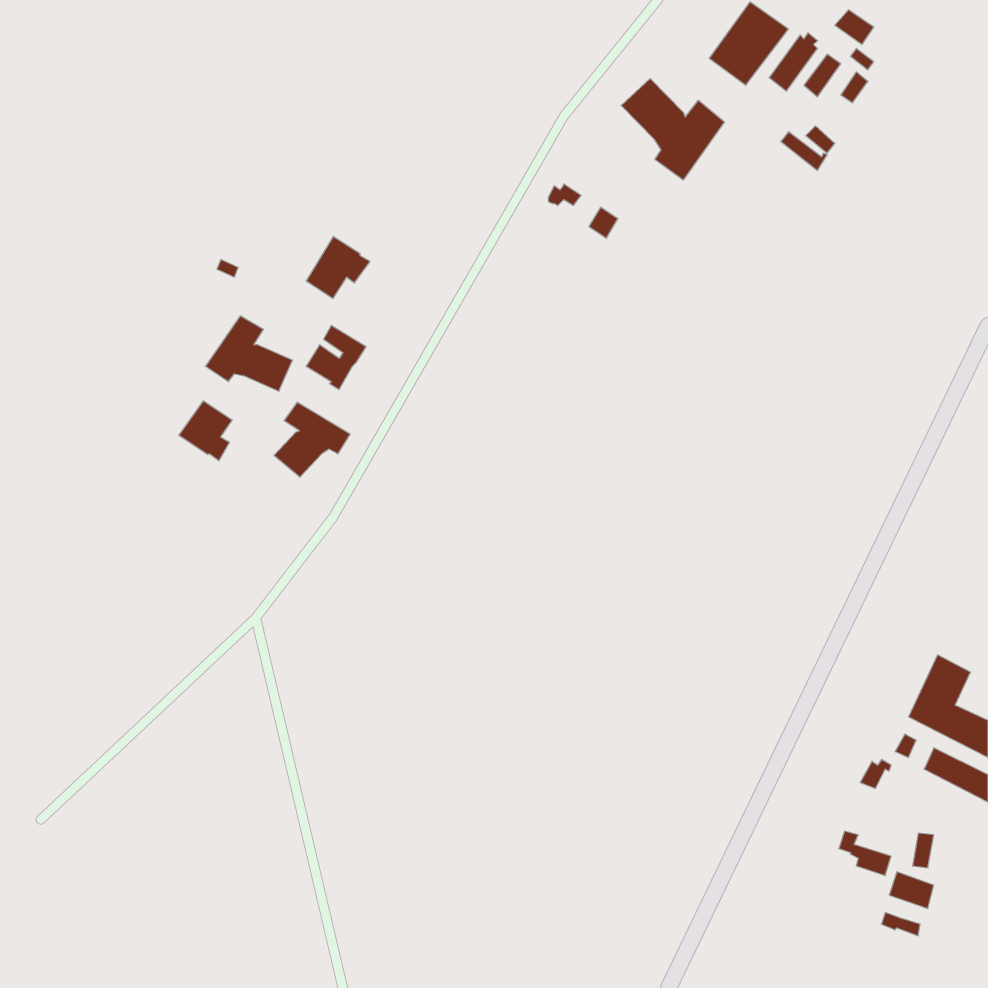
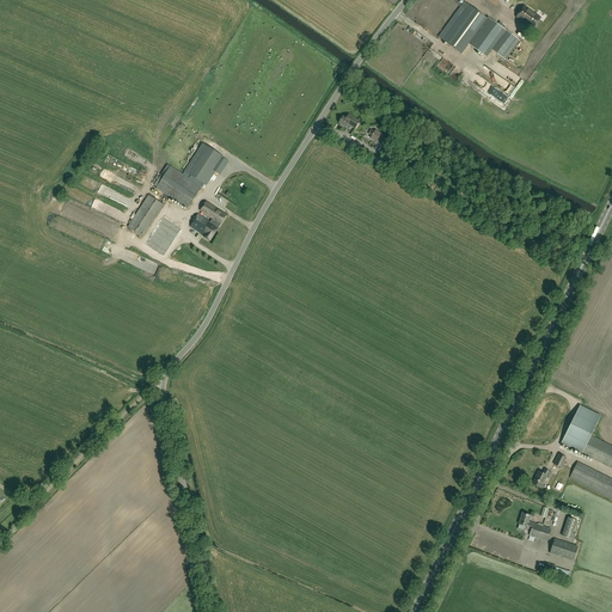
building: [621,79,724,180] -> none
building: none -> [155,165,201,207]
building: [179,401,232,461] -> none
building: [274,402,350,477] -> none

